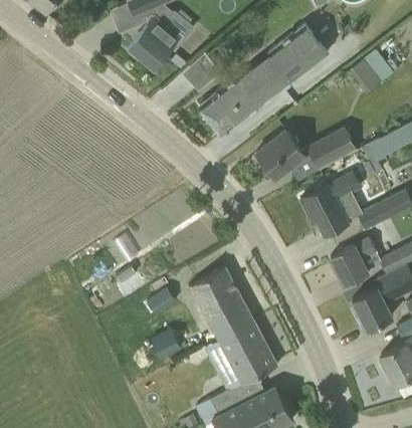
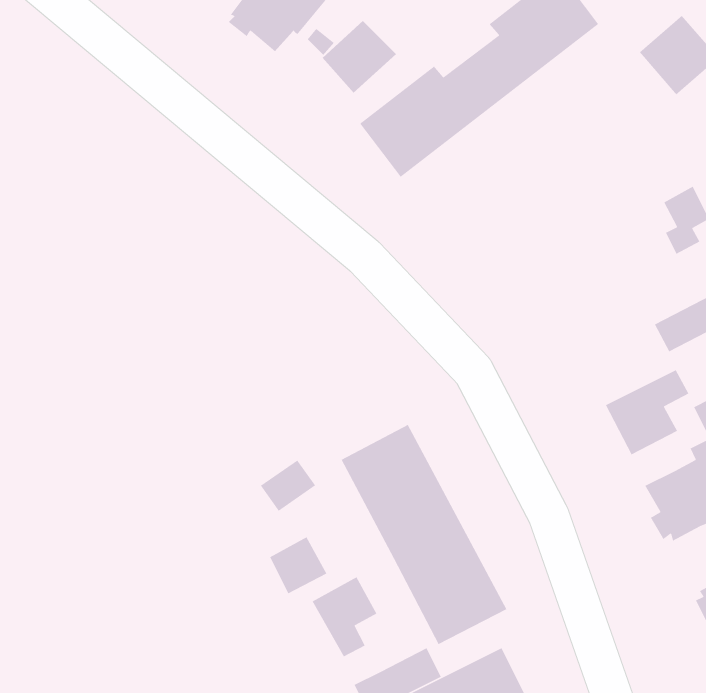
building: [307,129,357,170] -> none
building: [255,131,305,180] -> none
building: [301,173,361,236] -> none
building: none -> [311,576,378,658]

